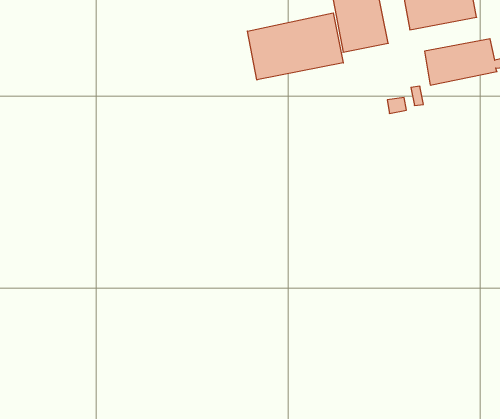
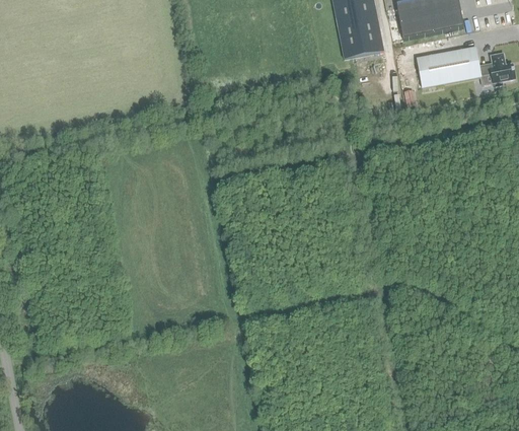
building: [247,13,343,80] -> none

